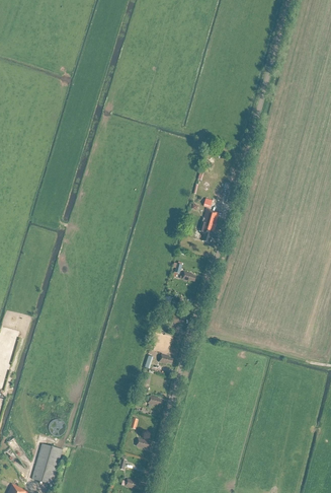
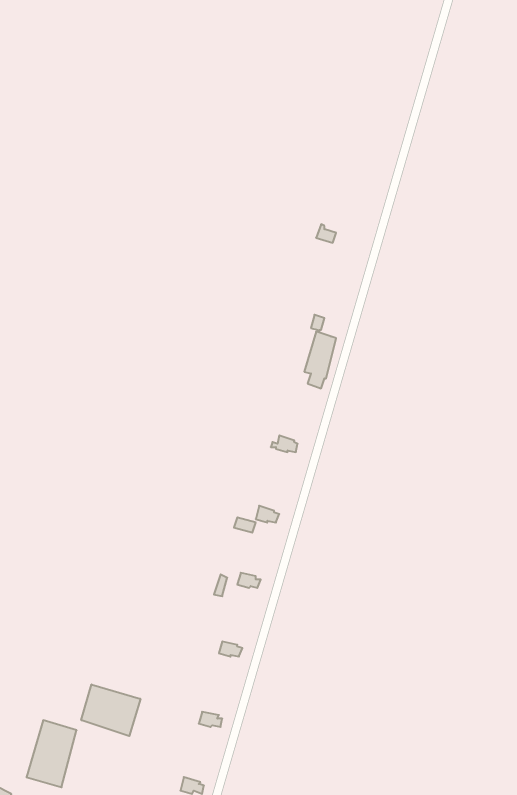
building: none -> [81,684,140,736]

